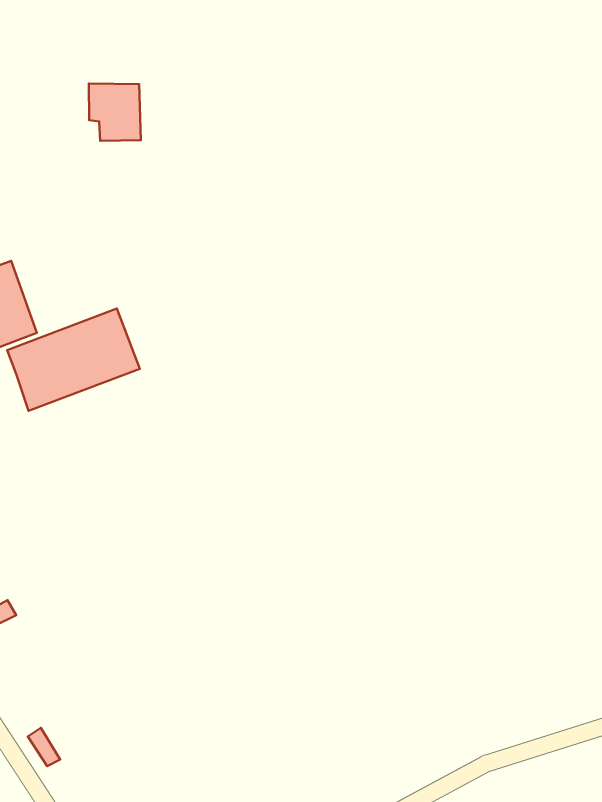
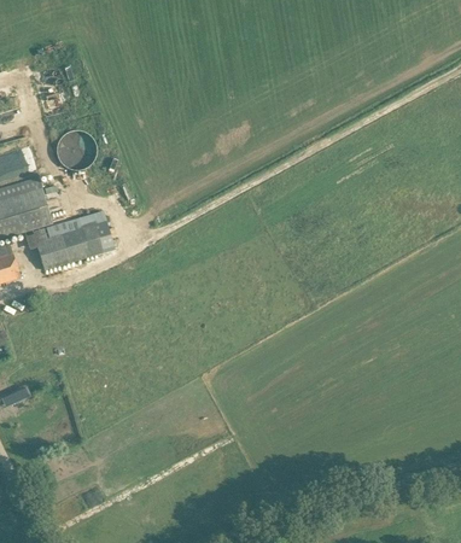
building: [89,83,141,141] -> [58,130,91,168]

